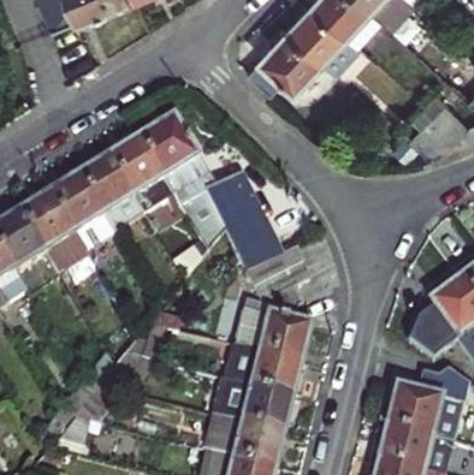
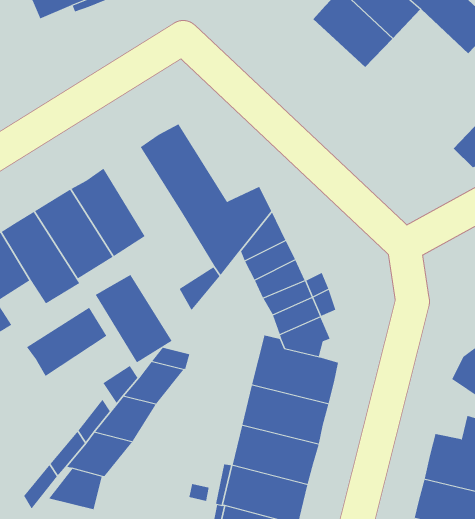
building: [247,25,332,90] -> none
building: [106,136,173,213] -> [95,274,173,363]
building: none -> [26,307,107,377]

